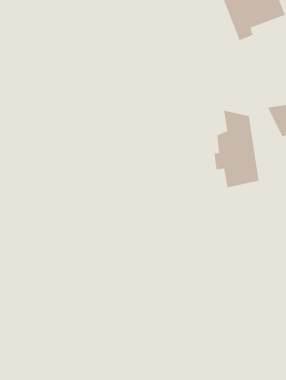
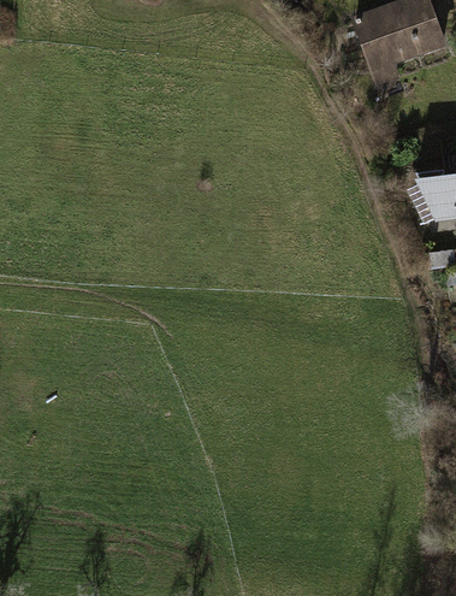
building: [214,110,259,188] -> none

